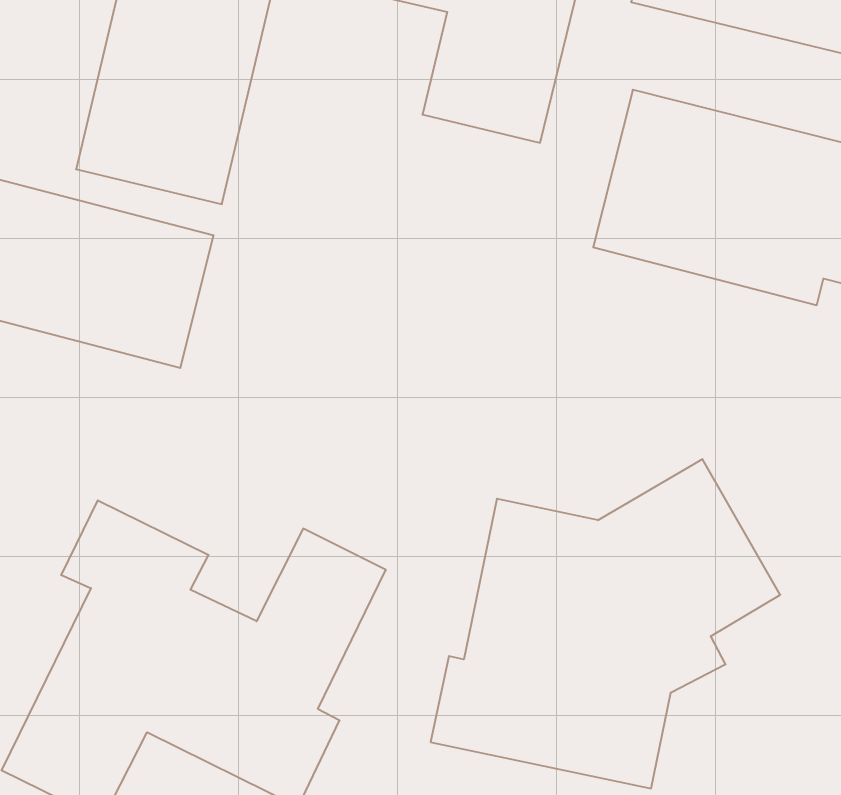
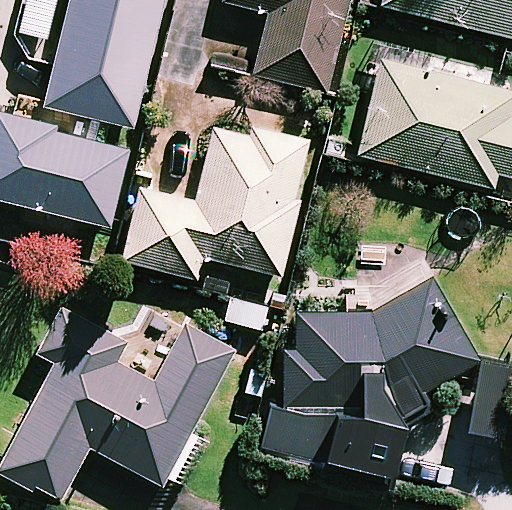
building: none -> [123,120,309,276]

